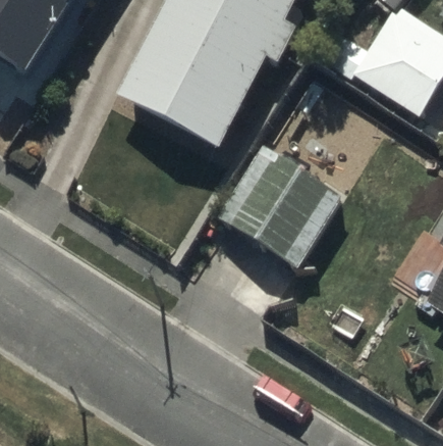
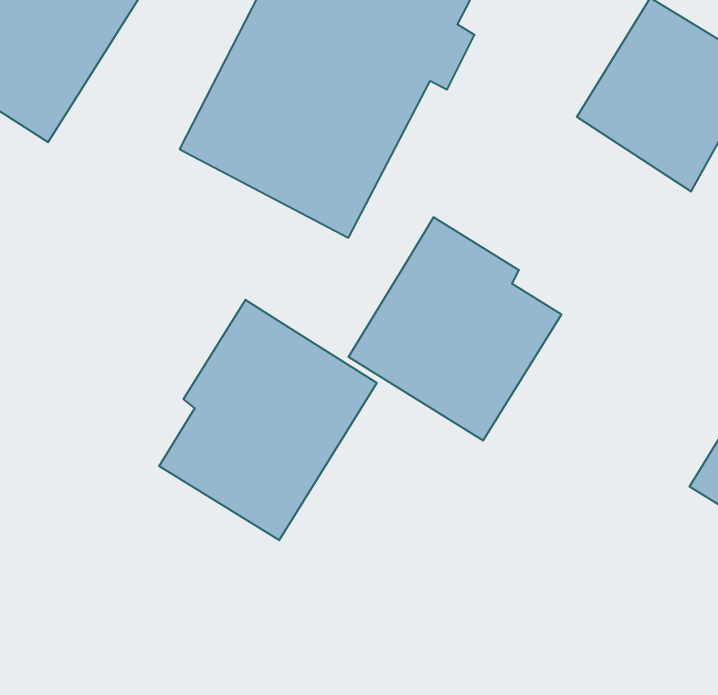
building: none -> [159,300,377,540]

